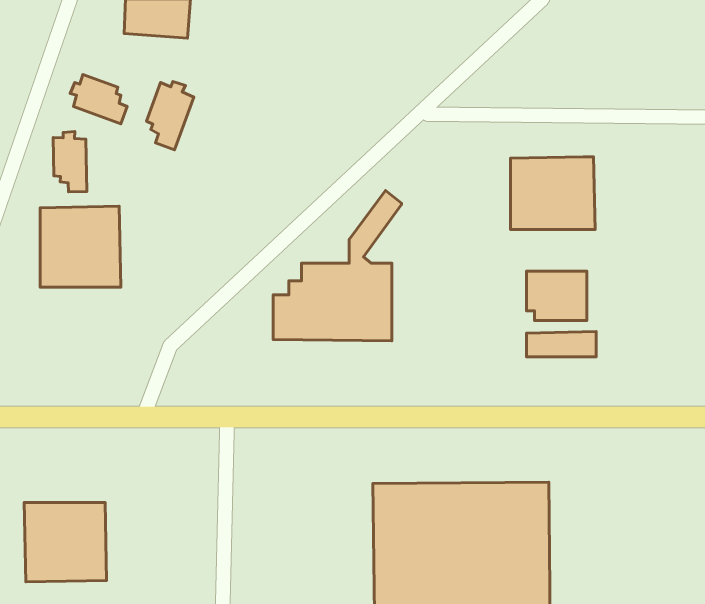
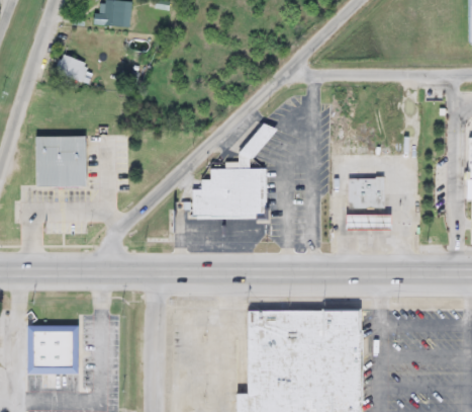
building: [146,82,194,150] -> none
building: [53,132,87,192] -> none
building: [511,157,595,230] -> none

